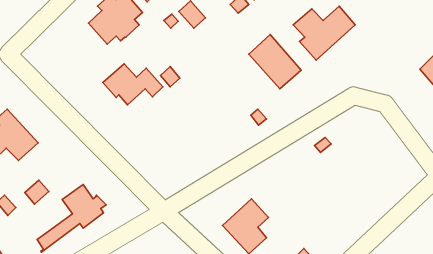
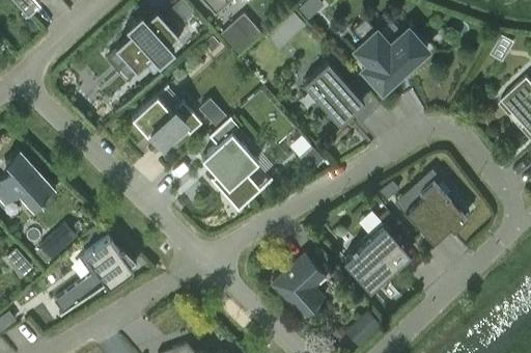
building: none -> [201,134,261,212]
building: none -> [406,182,469,245]
building: none -> [343,226,411,293]

